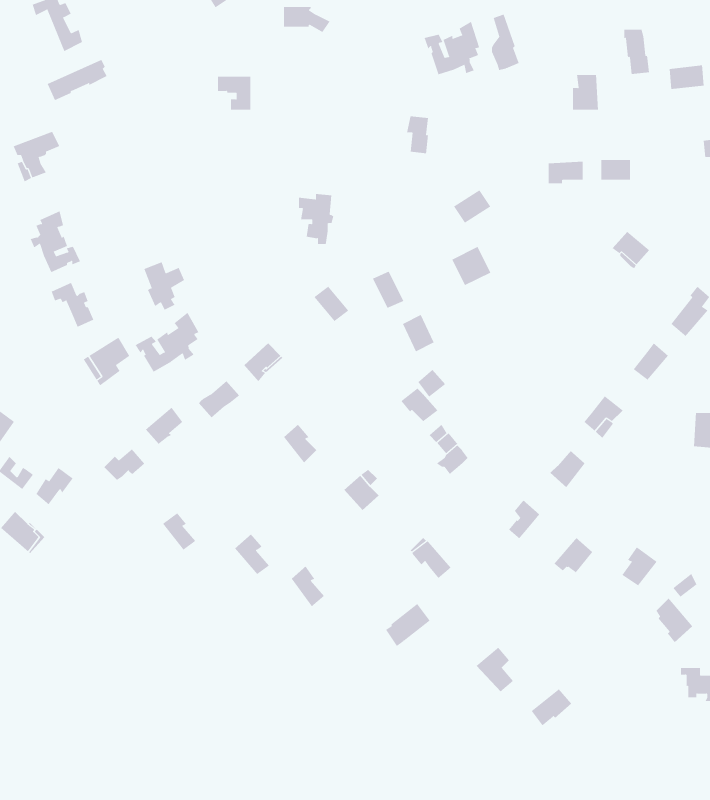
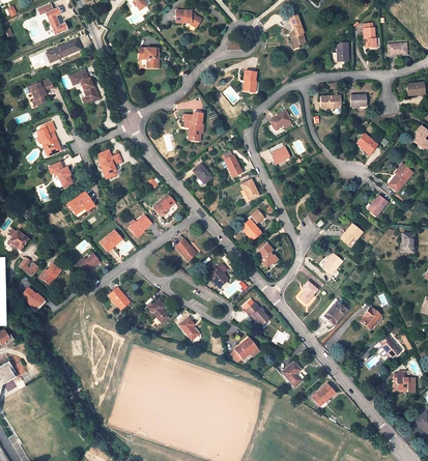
building: [424,21,480,75] -> none
building: none -> [70,69,99,105]
building: [135,312,199,373] -> none

